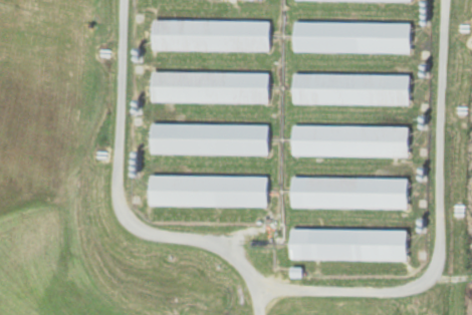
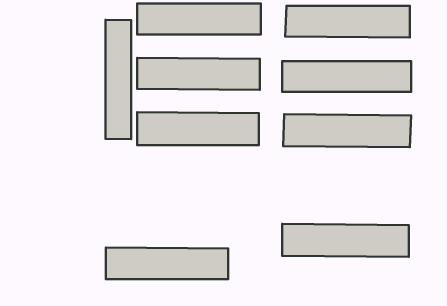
building: none -> [105,20,131,139]
building: [151,176,266,206] -> [106,247,228,279]
building: [288,178,409,207] -> none

